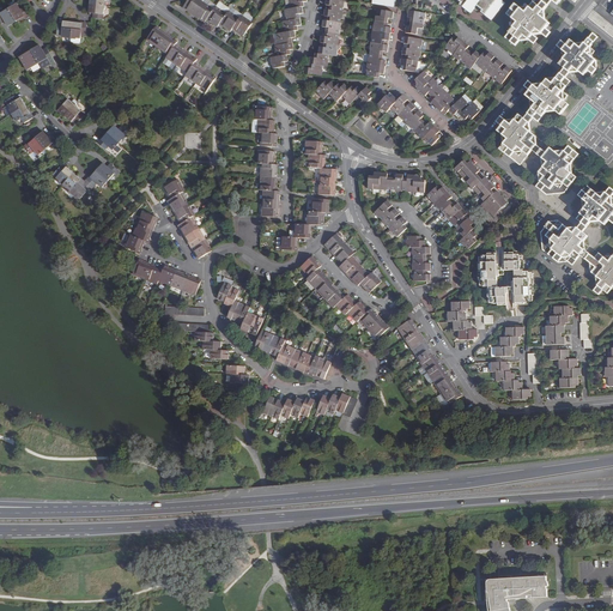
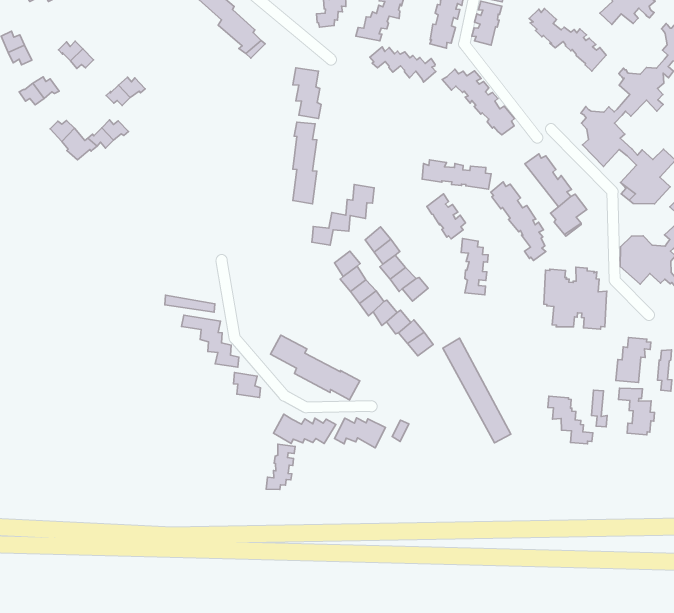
building: [413,69,479,119] -> none
building: [303,139,335,195] -> none
building: [162,179,211,258] -> none
building: [122,211,156,252] -> none
building: [131,258,200,295] -> none
building: [216,280,261,333] -> none
building: [447,300,475,337] -> none
building: [492,325,522,355] -> none
building: none -> [266,444,295,490]

